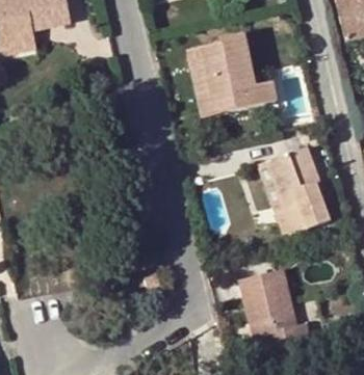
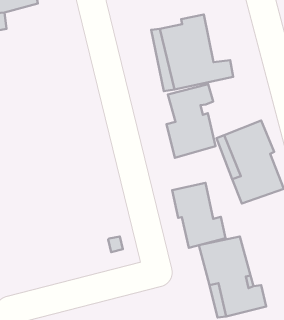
building: none -> [167,84,215,158]
building: none -> [172,183,225,248]

